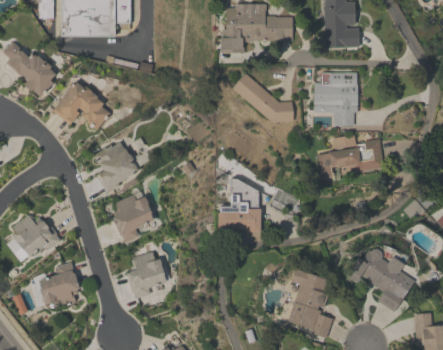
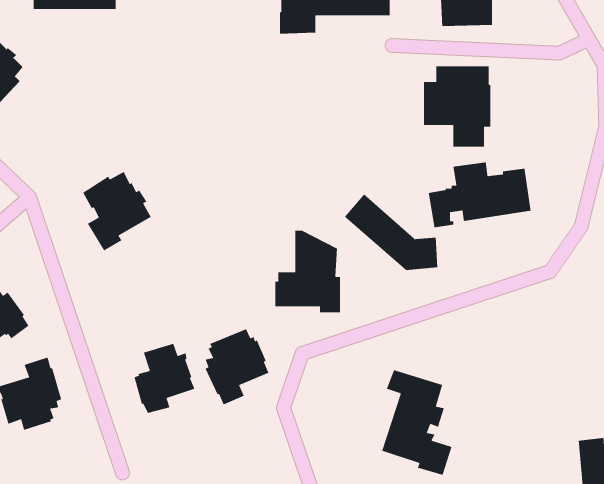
building: [233,73,294,123] -> [344,194,438,271]
building: [53,81,111,130] -> none
building: [113,192,155,242] -> [205,328,270,406]
building: [350,249,415,312] -> none

